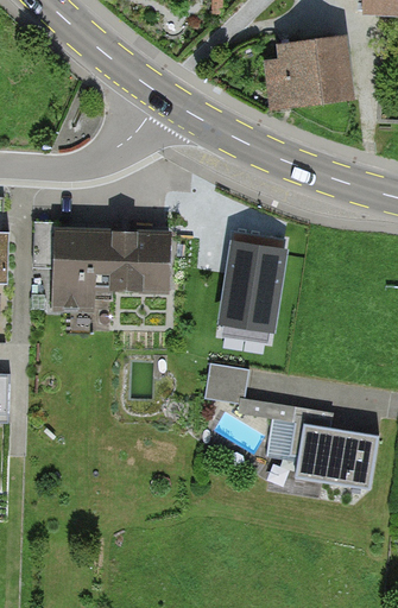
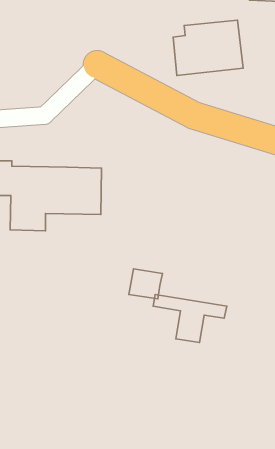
building: [219,233,282,343] -> none
building: [295,424,377,489] -> none

